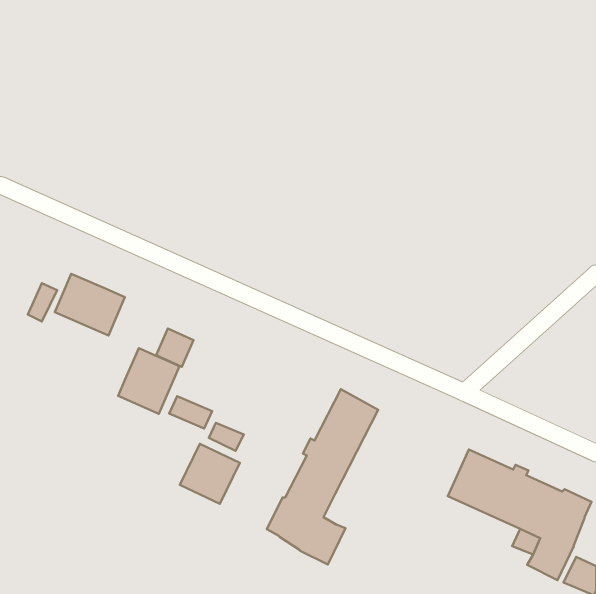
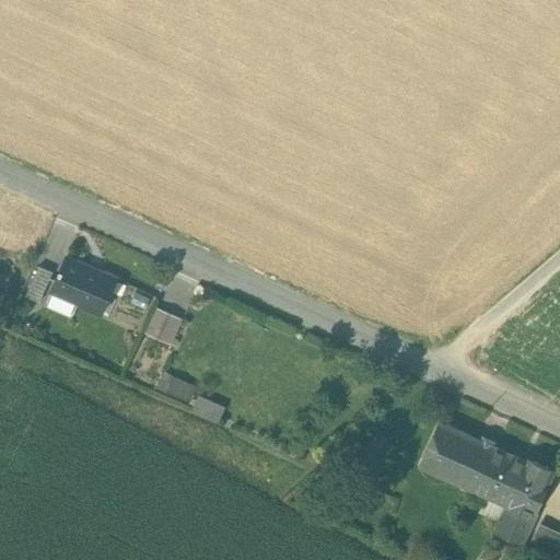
building: [118,348,180,414] -> none
building: [267,389,378,565] -> none
building: [180,444,240,504] -> none

